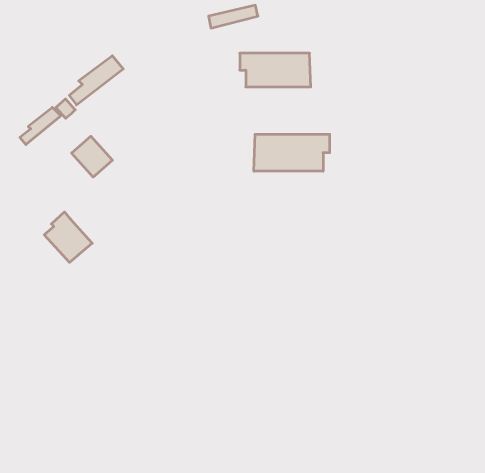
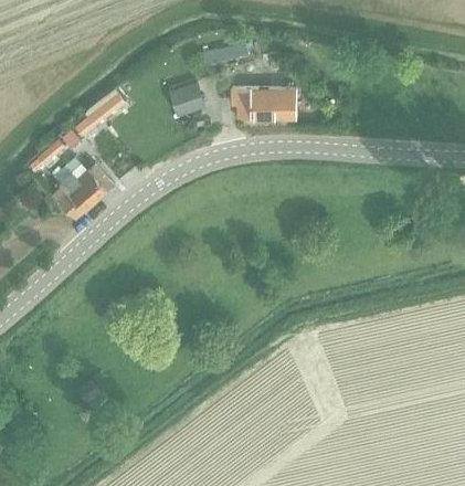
building: none -> [170,83,203,117]
building: [254,134,330,171] -> none
building: [44,212,92,262] -> [52,173,96,220]

